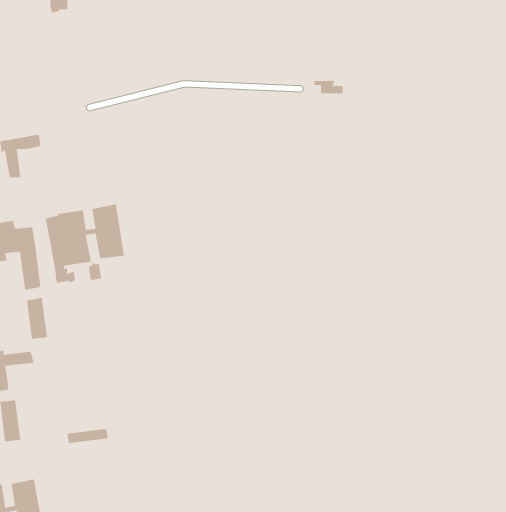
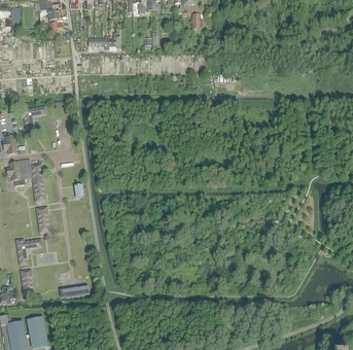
building: [45,203,125,284] -> none

